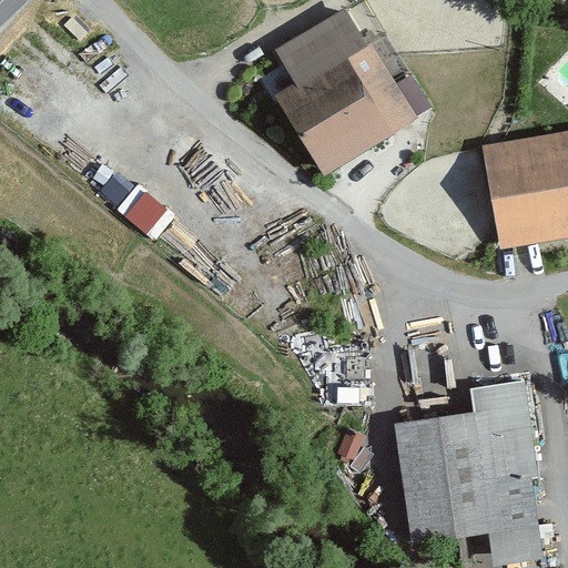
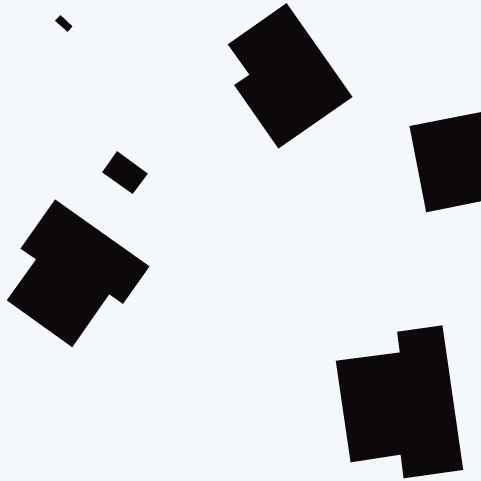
building: none -> [5,198,151,349]

